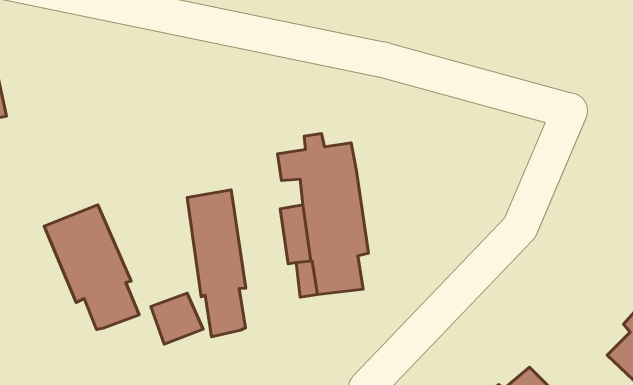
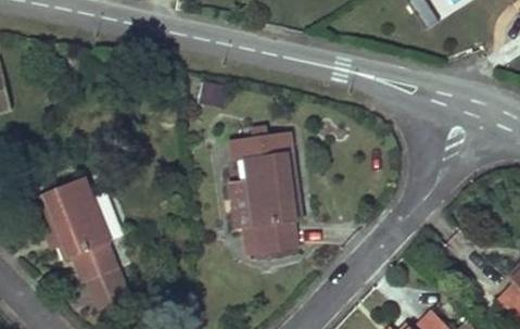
building: [187,190,246,337] -> none
building: [151,293,203,344] -> [88,268,130,309]

